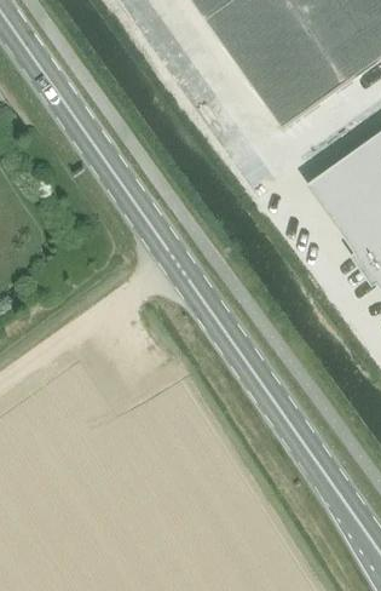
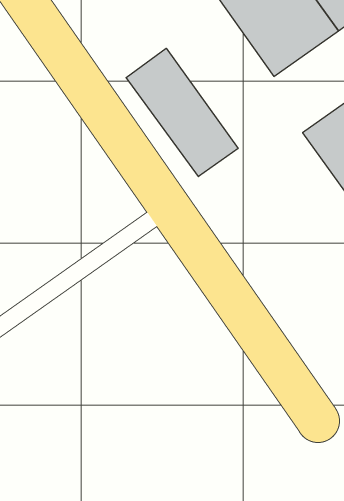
building: none -> [126,48,238,177]

